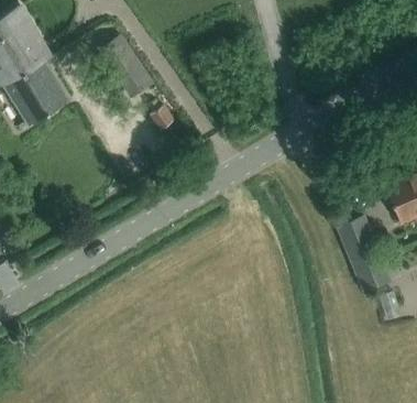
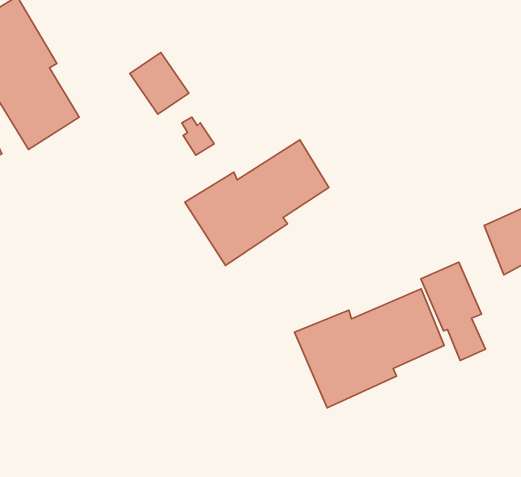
building: none -> [185,140,329,265]
building: none -> [294,289,444,408]

